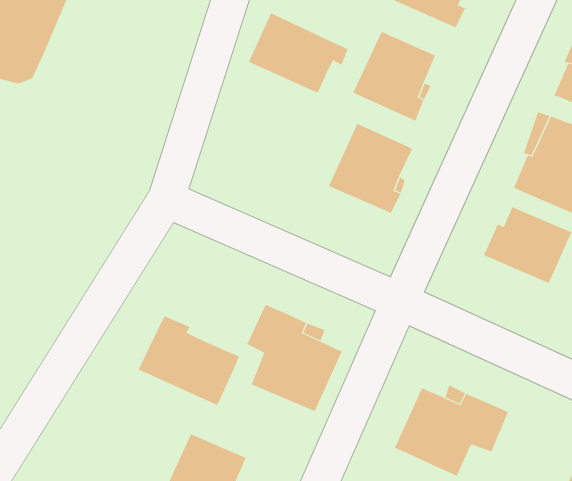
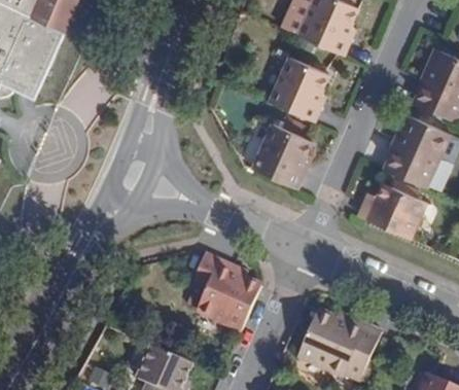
building: [248,13,348,94] -> none
building: [138,315,239,406] -> none

